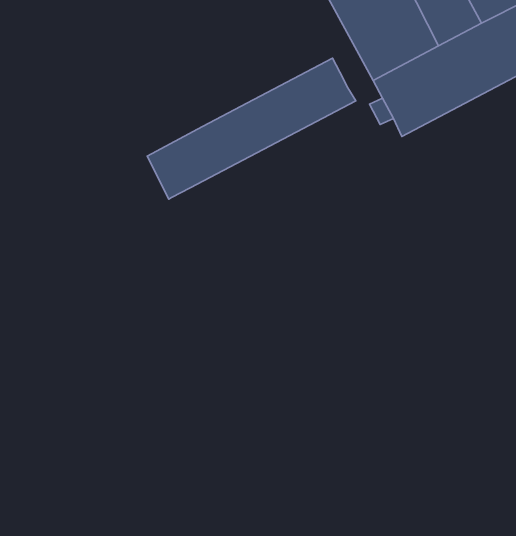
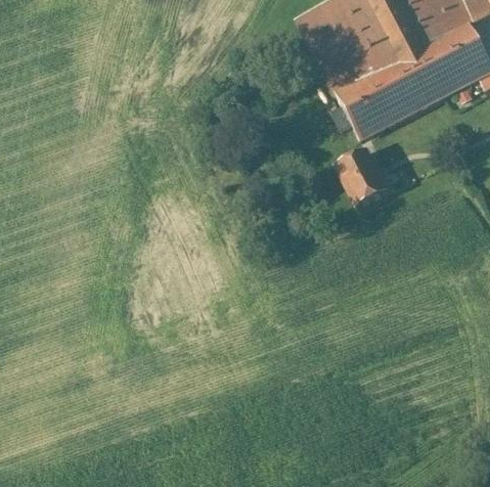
building: [147,58,356,199] -> none
building: none -> [338,150,388,206]

